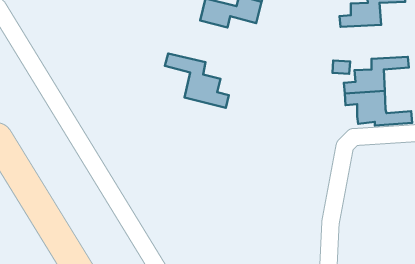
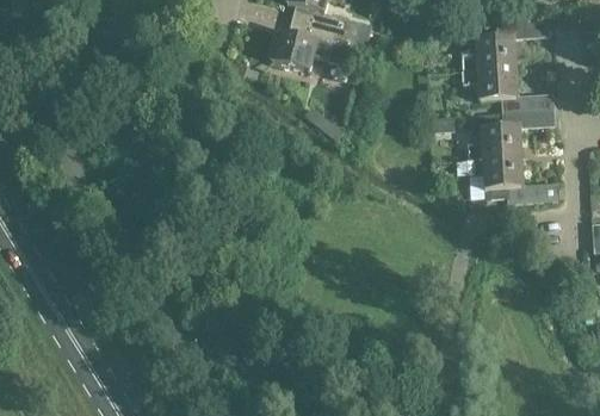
building: none -> [460,66,551,111]
building: [165,53,229,108] -> none

